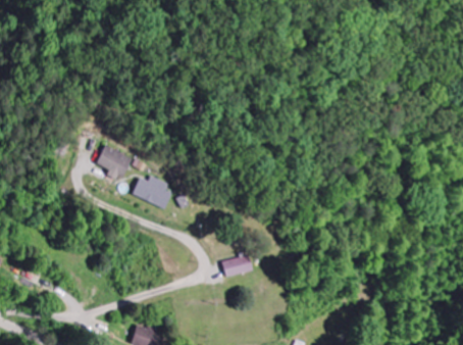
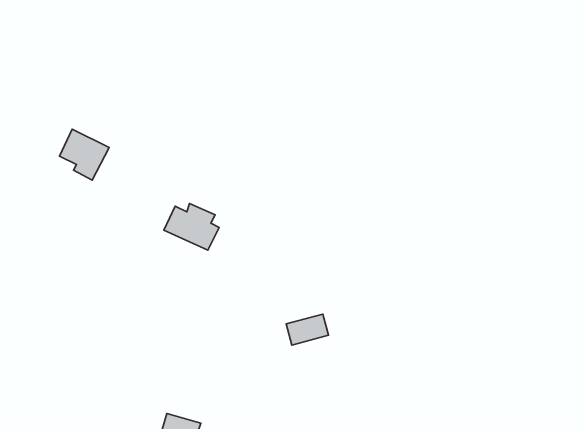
building: [99,144,135,181] -> [59,129,109,180]

